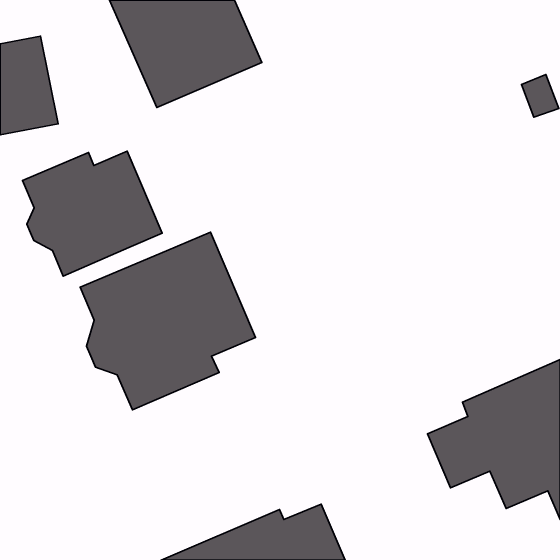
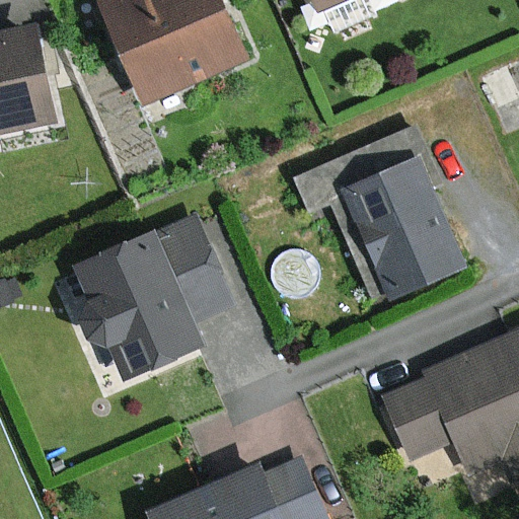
building: none -> [297,131,466,297]
building: [23,151,162,276] -> none

